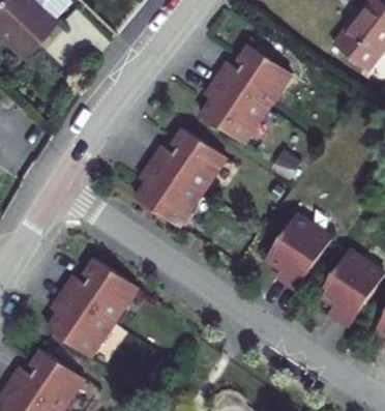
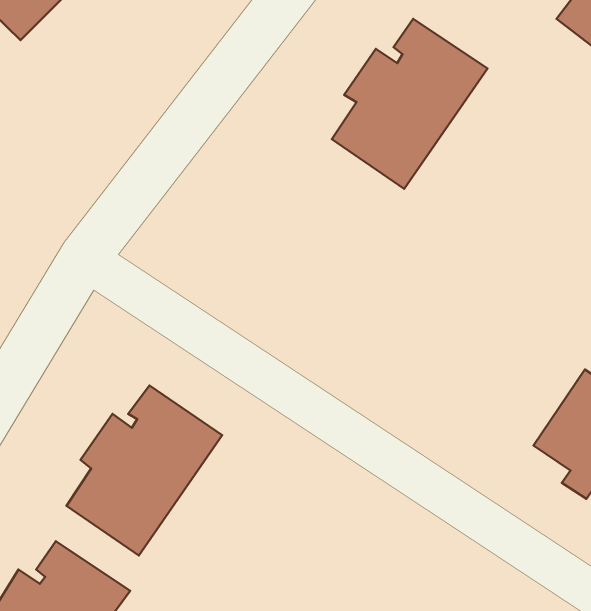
building: [136,128,227,228] -> none
building: [267,214,332,290] -> none

